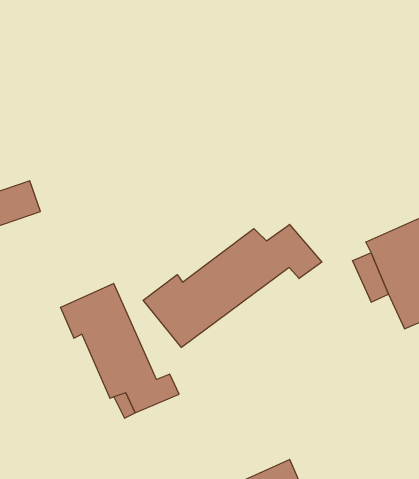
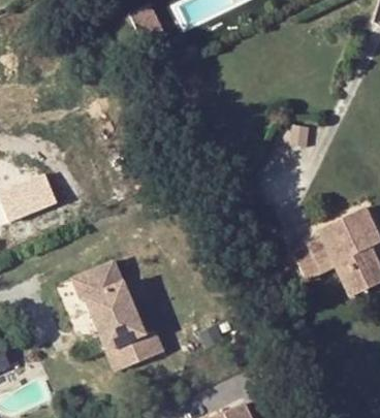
building: [143,224,322,347] -> none

